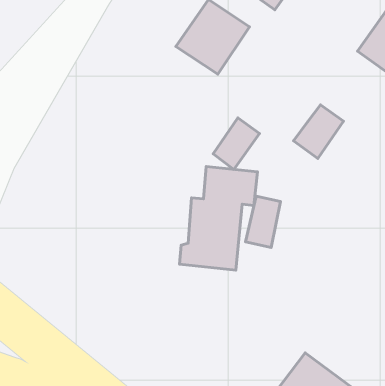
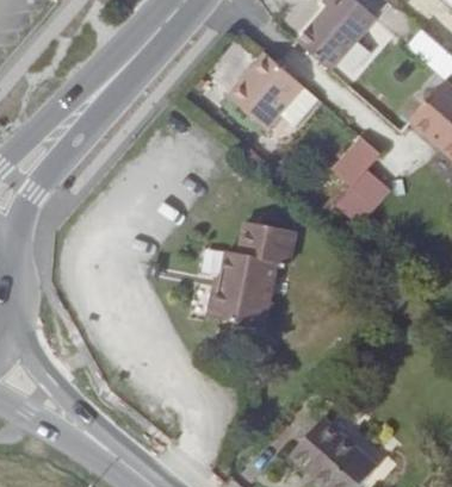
building: [213,118,260,169] -> [334,133,383,185]
building: [245,196,281,248] -> none

